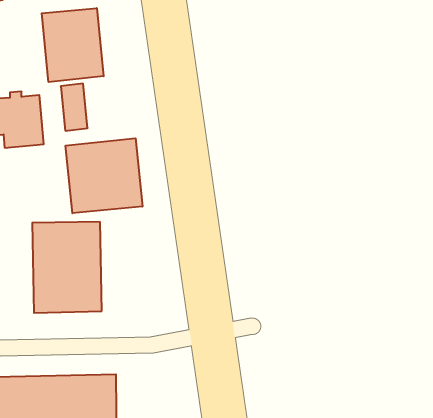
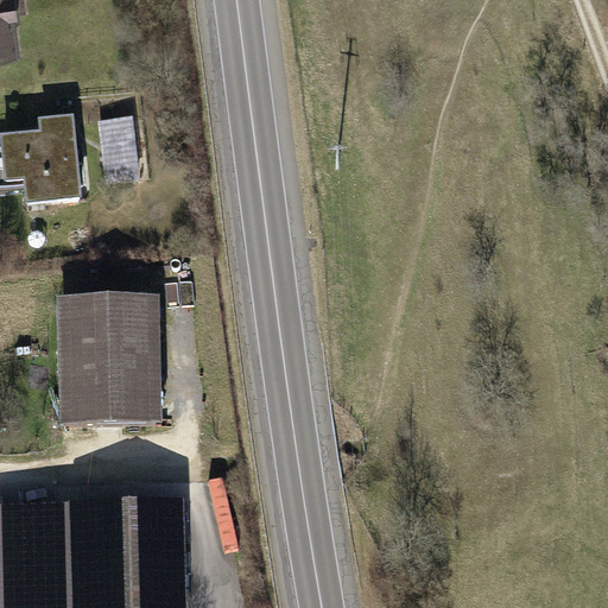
building: [42,8,104,82] -> none
building: [66,138,142,213] -> none

